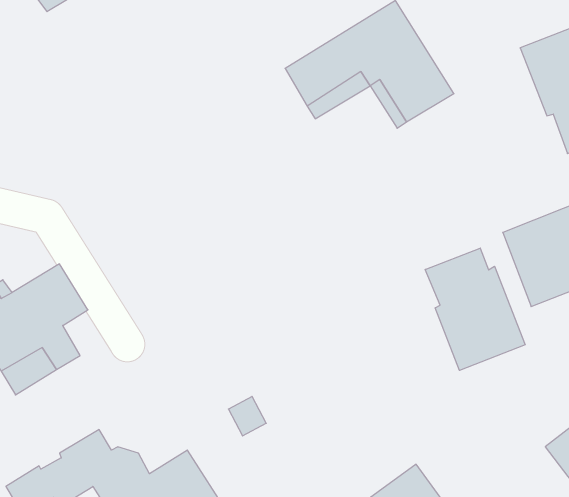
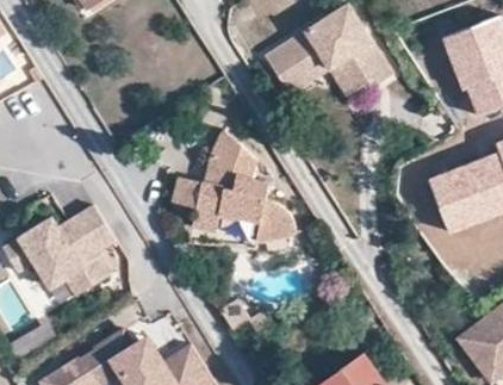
building: none -> [172,129,294,255]
building: [425,248,525,370] -> none

